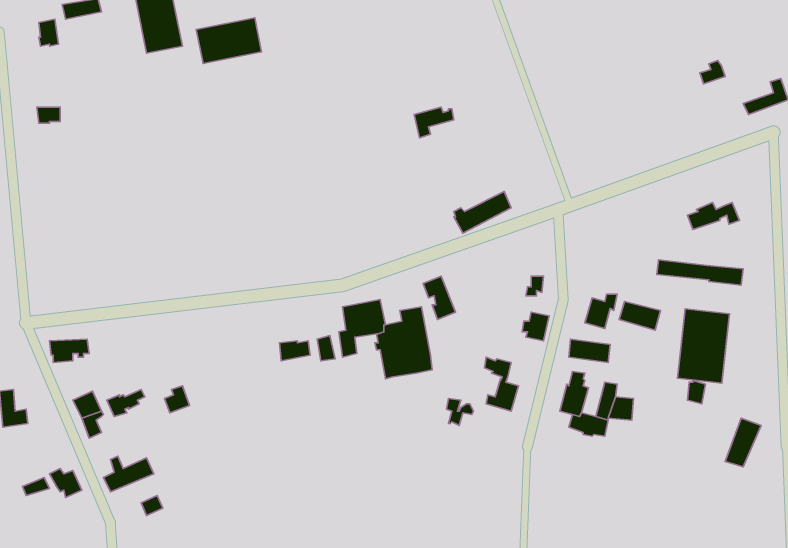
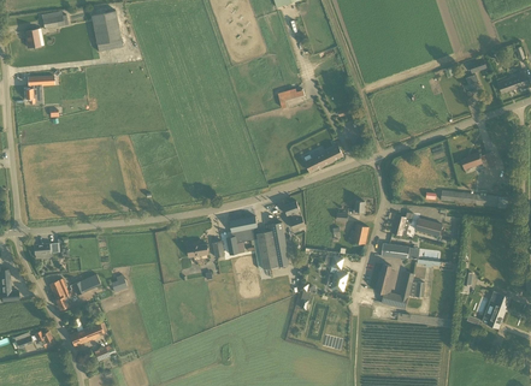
building: [196,18,262,64] -> none
building: [678,309,730,383] -> none

